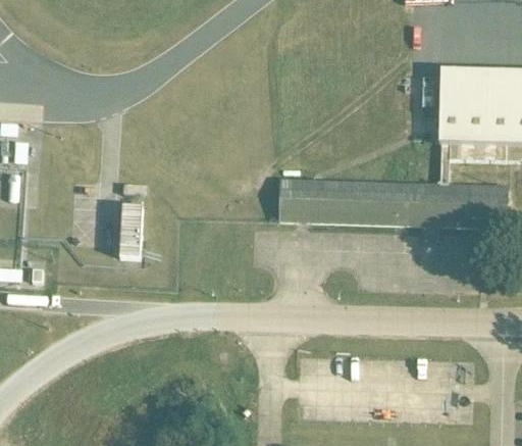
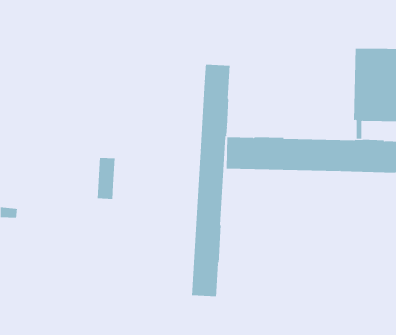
building: none -> [191,64,230,297]

